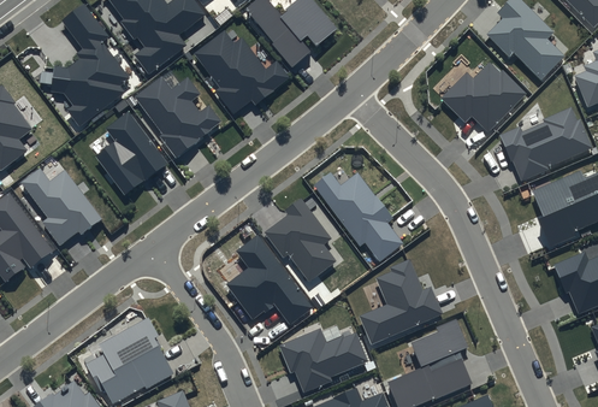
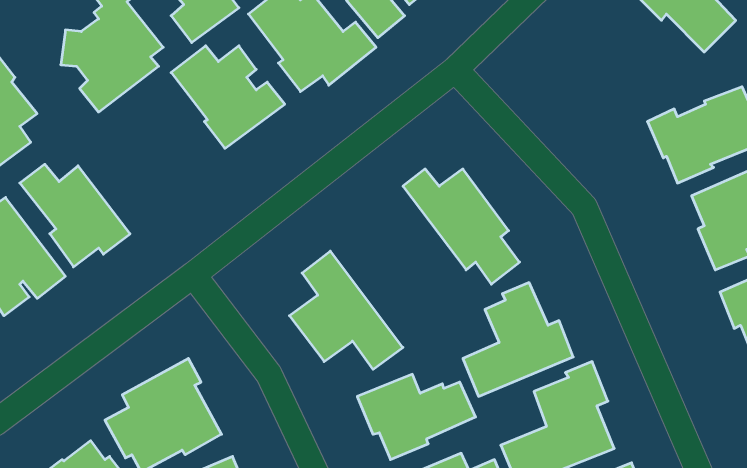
building: [439,61,526,132] -> none
building: [96,111,166,194] -> none
building: [265,197,336,282] -> none

